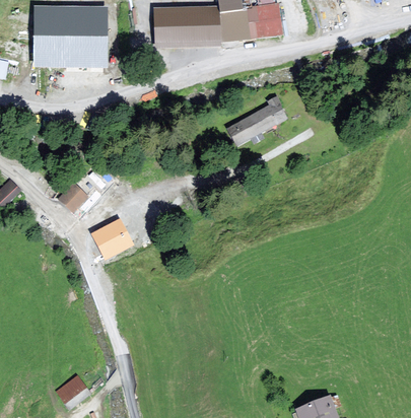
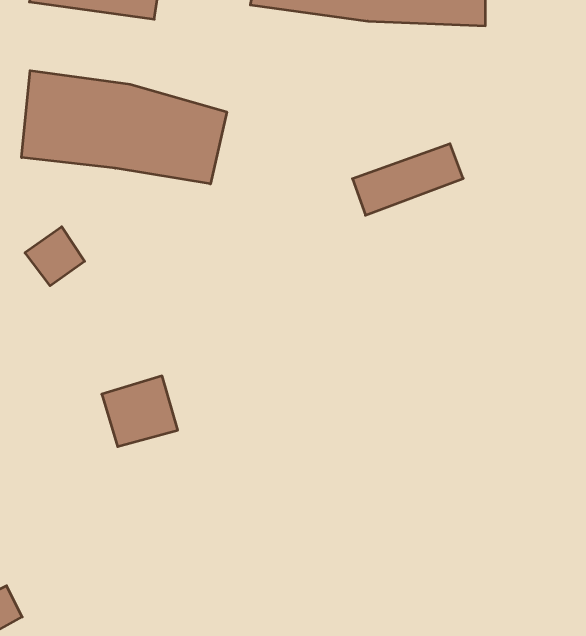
building: none -> [22,71,227,184]
building: [90,217,134,259] -> [102,376,178,447]

